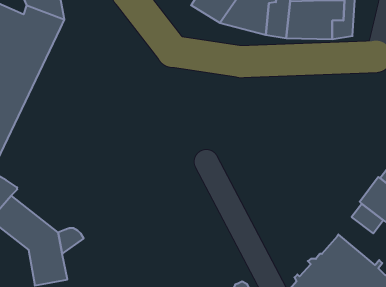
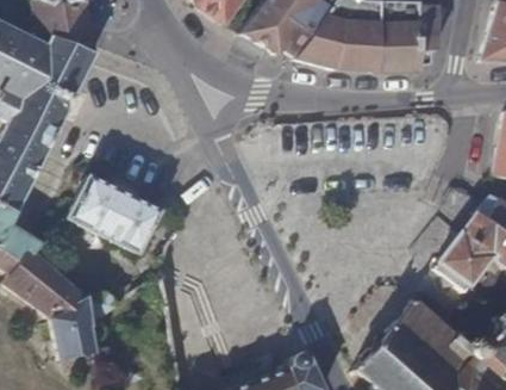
building: none -> [68,174,161,250]

